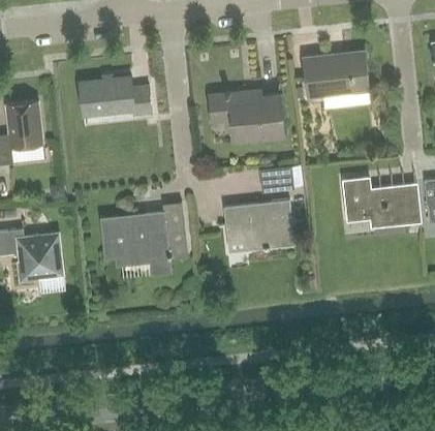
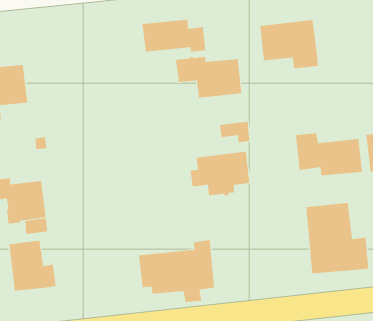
building: [79,78,152,115] -> [141,19,206,52]
building: [100,202,187,273] -> [138,239,215,303]
building: none -> [306,202,369,274]
building: none -> [9,240,56,292]

